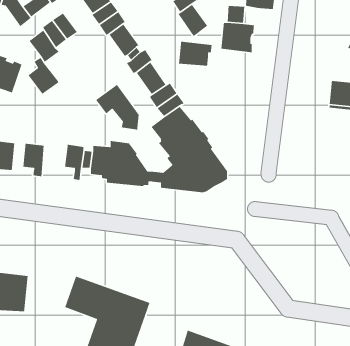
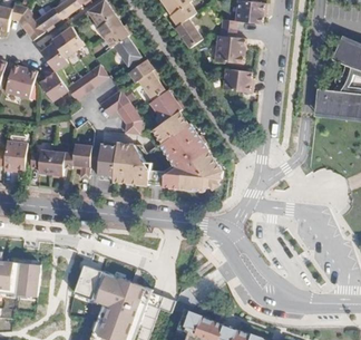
building: [178,41,213,67] -> [221,66,252,89]
building: none -> [67,64,108,99]
building: none -> [52,145,75,175]

